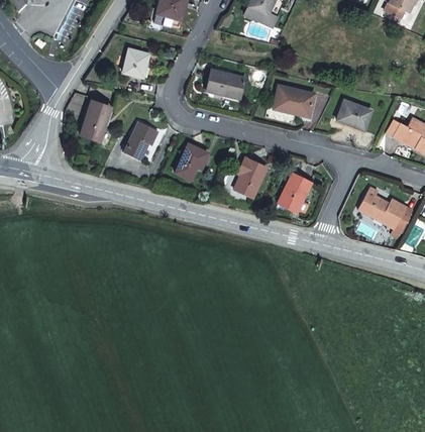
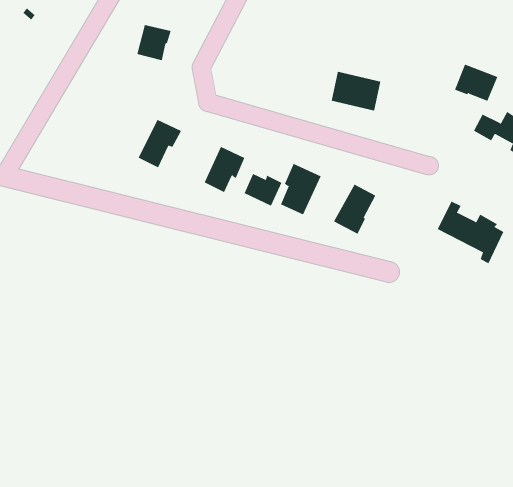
building: [207,70,246,96] -> none
building: [336,100,370,129] -> [454,64,498,102]
building: [82,102,112,142] -> none
building: none -> [244,173,282,206]

